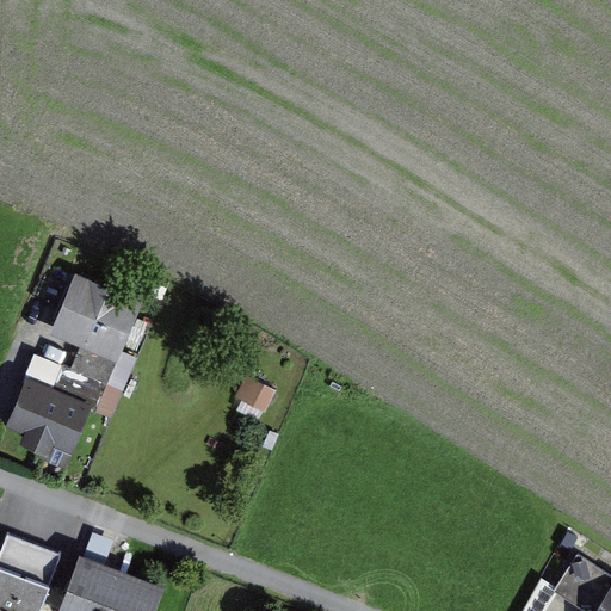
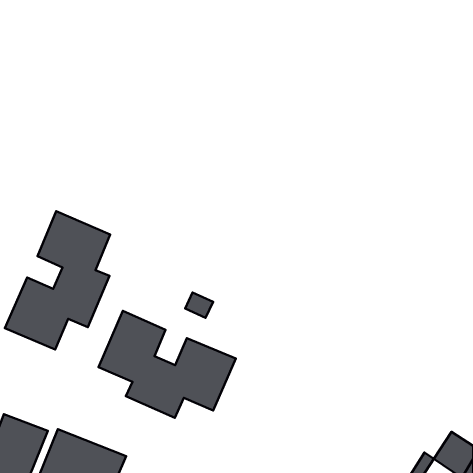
building: none -> [99,311,236,418]

